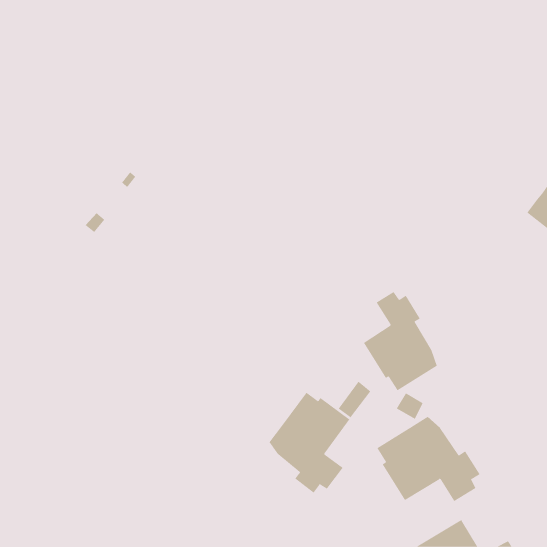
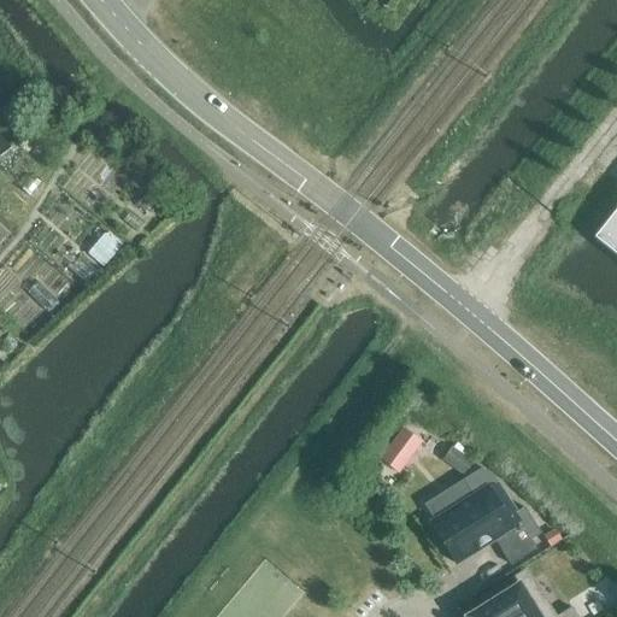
building: [363,291,438,391] -> none
building: [269,392,350,494] -> none

